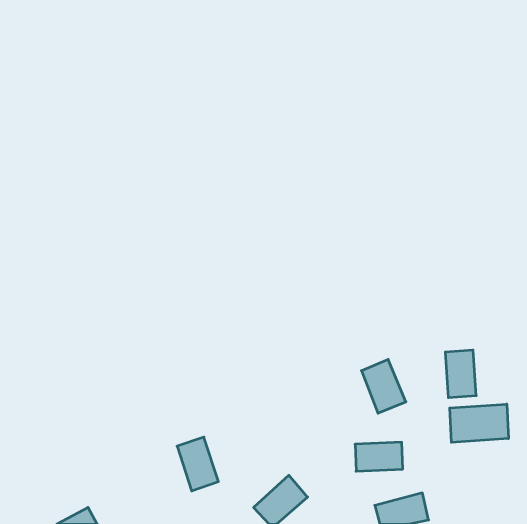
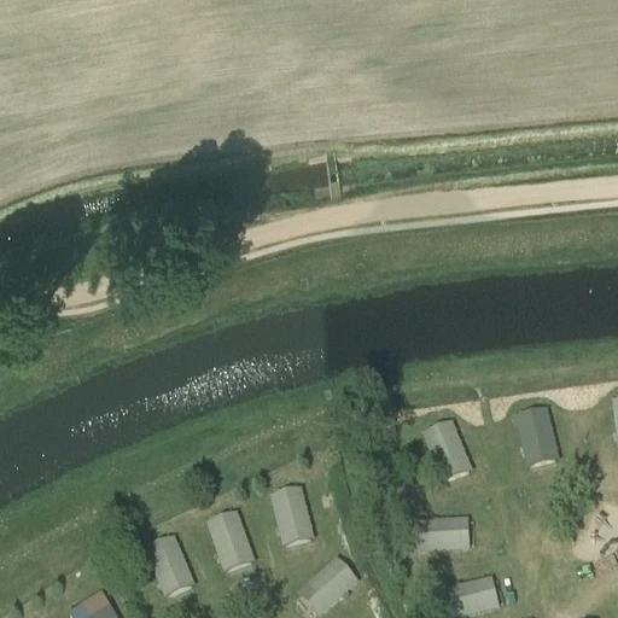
building: [450,404,508,442] -> none
building: none -> [272,486,313,544]
building: none -> [145,534,196,596]

